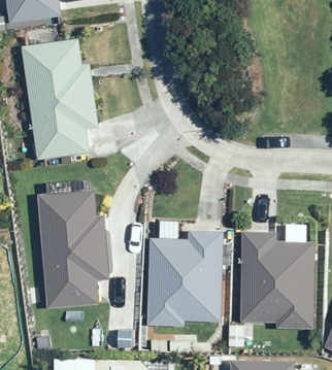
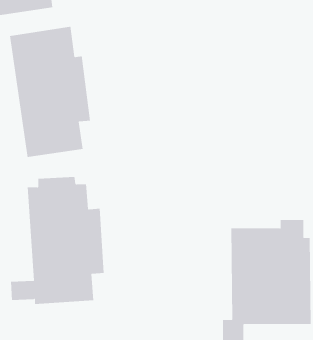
building: [143,230,225,326] -> none

